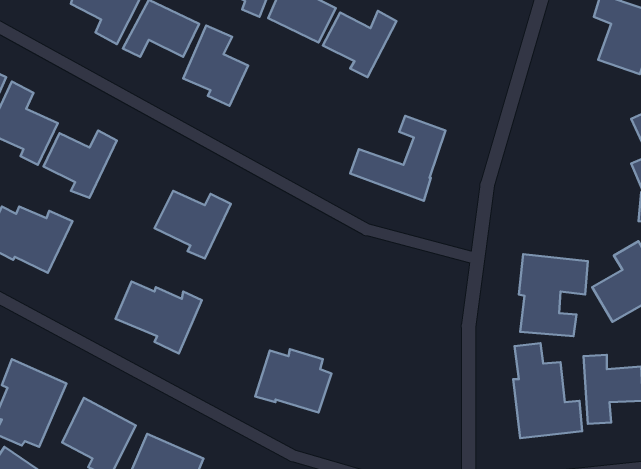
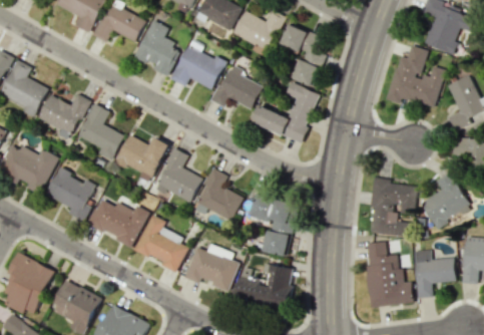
building: none -> [281,24,325,87]
building: none -> [169,44,224,90]
building: none -> [385,45,446,108]
building: none -> [211,67,265,110]
building: none -> [78,103,124,160]
building: none -> [156,148,201,203]
building: none -> [46,166,95,222]
building: none -> [195,169,243,220]
building: none -> [250,194,296,257]
building: none -> [134,215,187,273]
building: none -> [235,265,294,309]

